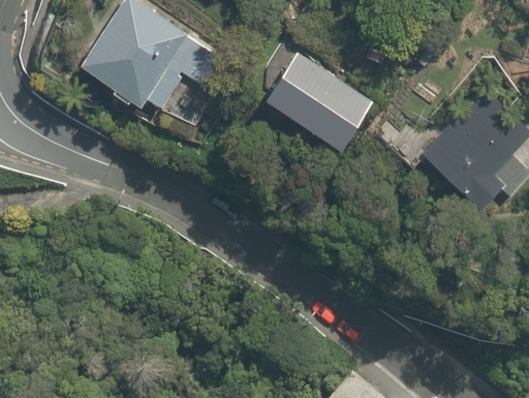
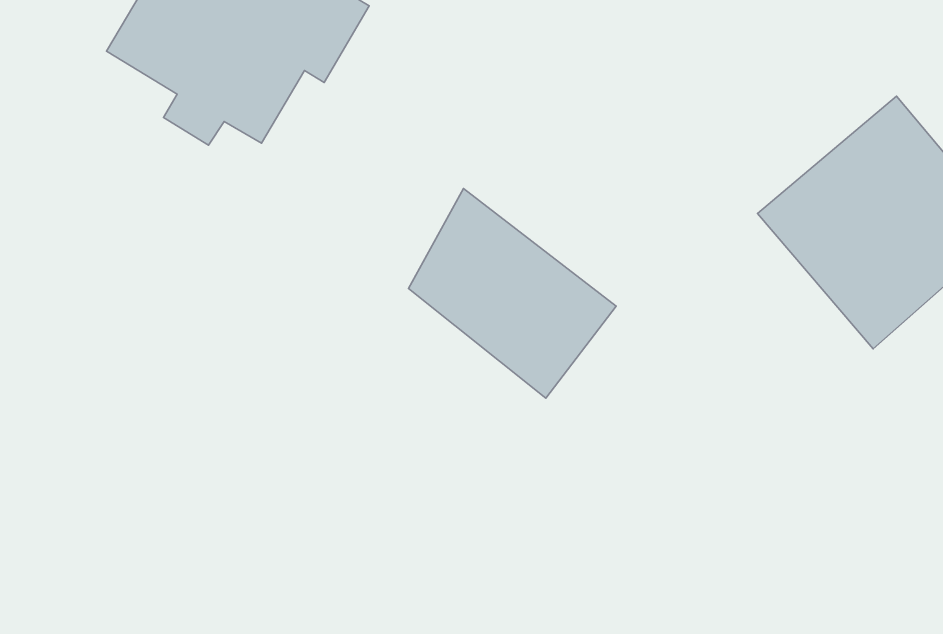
building: [271,50,380,160] -> [409,189,616,398]

